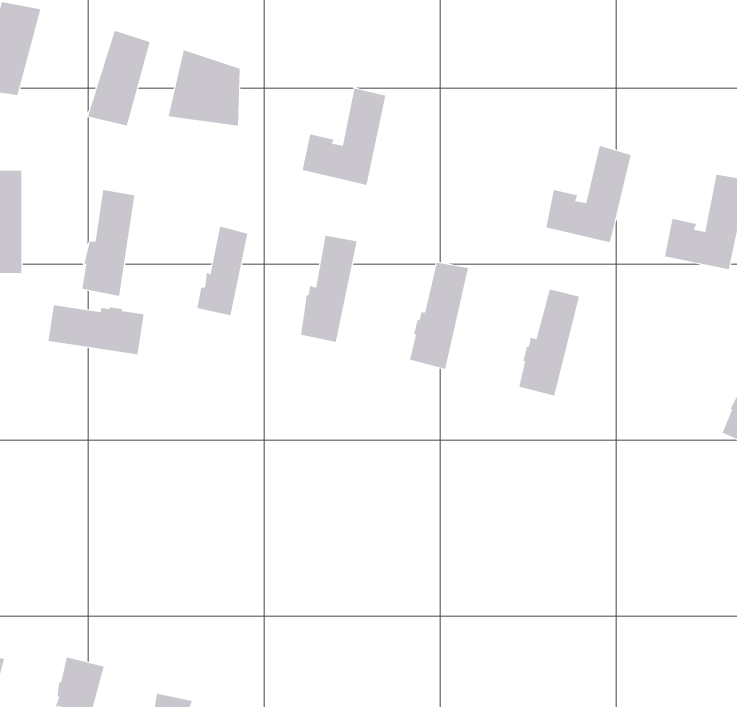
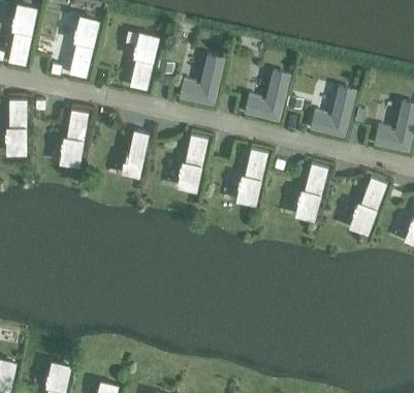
building: none -> [243,70,290,123]
building: [48,304,144,355] -> none
building: none -> [348,177,387,235]

